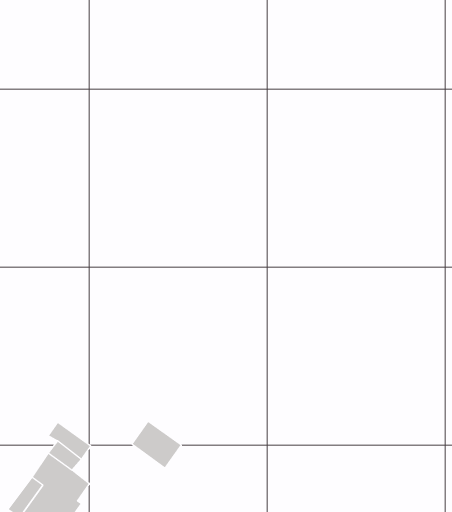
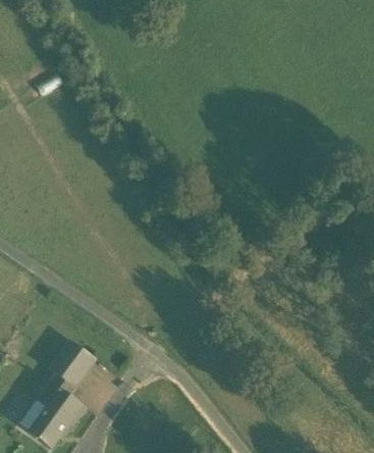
building: [132,421,181,468] -> [57,340,95,375]

